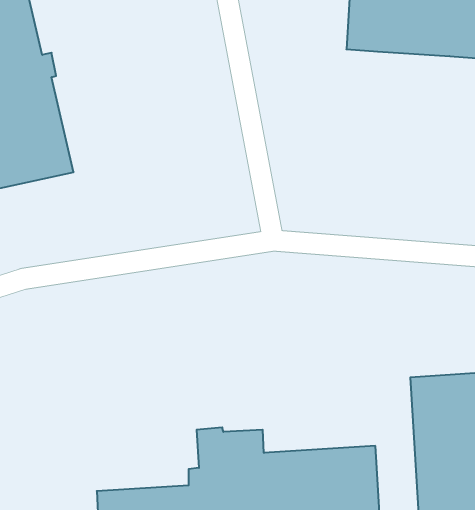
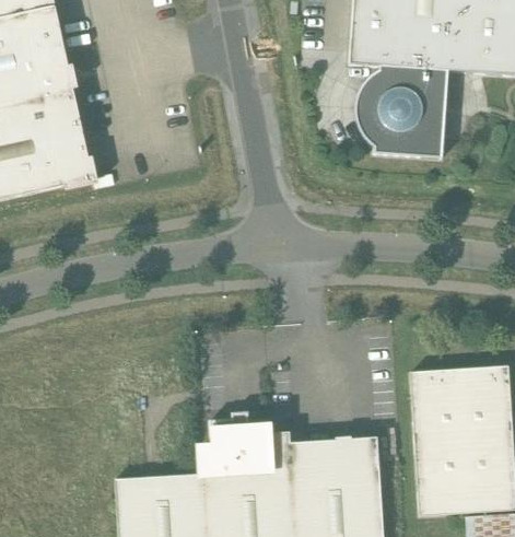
building: none -> [356,66,447,160]

